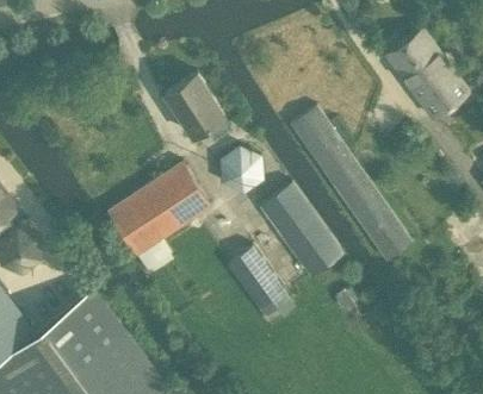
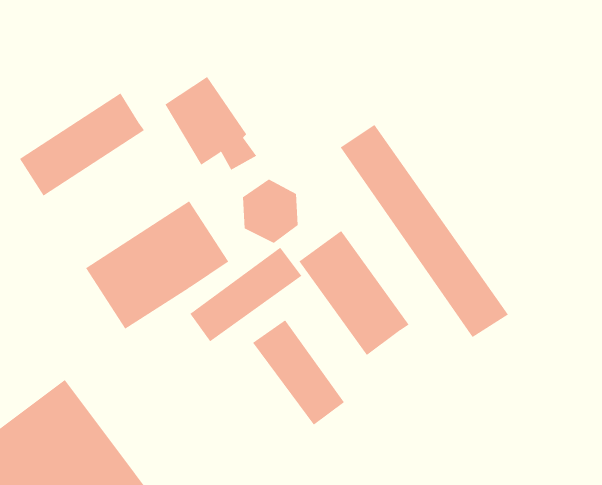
building: [384,29,469,119] -> none
building: none -> [19,93,145,197]
building: none -> [189,247,302,342]

